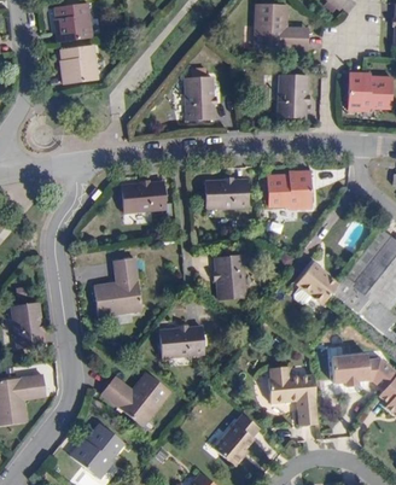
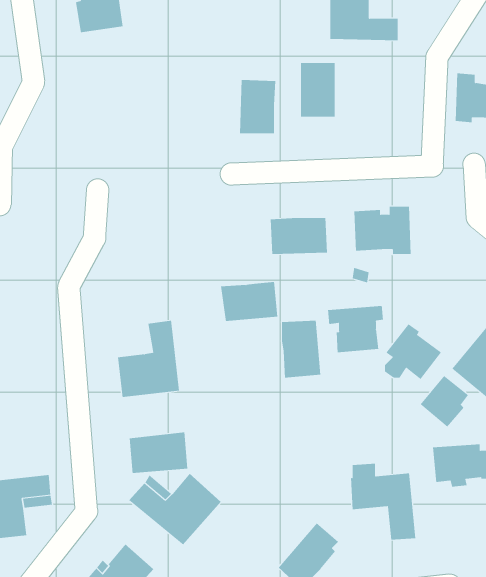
building: [66,45,103,83] -> none
building: [276,74,303,115] -> [300,63,336,117]
building: [121,182,164,212] -> [220,281,278,322]
building: none -> [327,305,384,353]
building: none -> [420,375,469,427]
building: [11,300,42,345] -> none
building: [158,328,203,360] -> [129,432,188,474]

